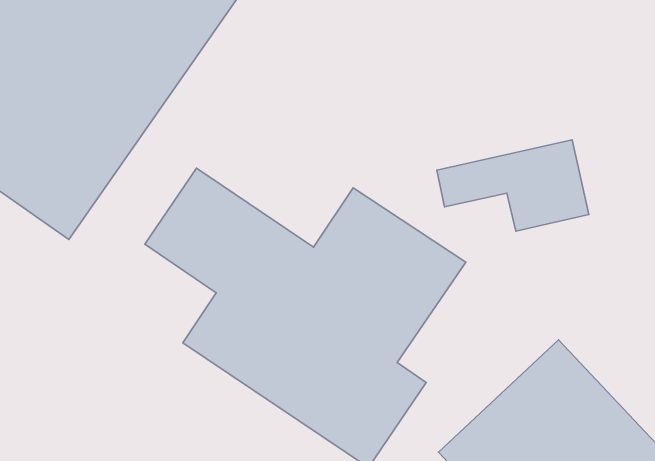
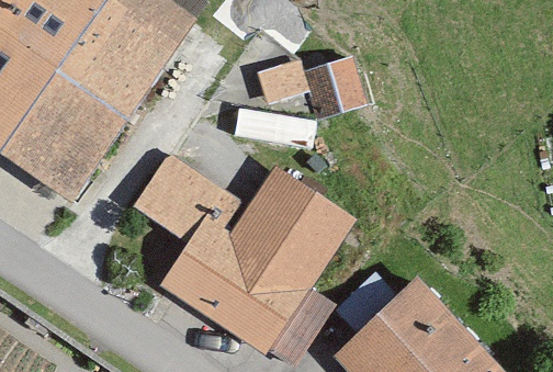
building: [437,140,589,231] -> [248,53,358,119]

